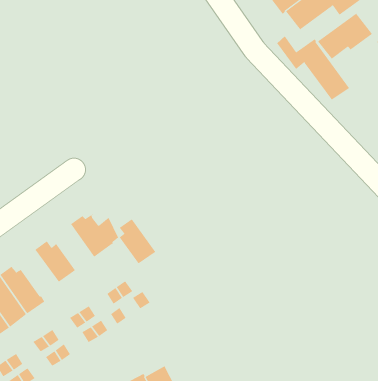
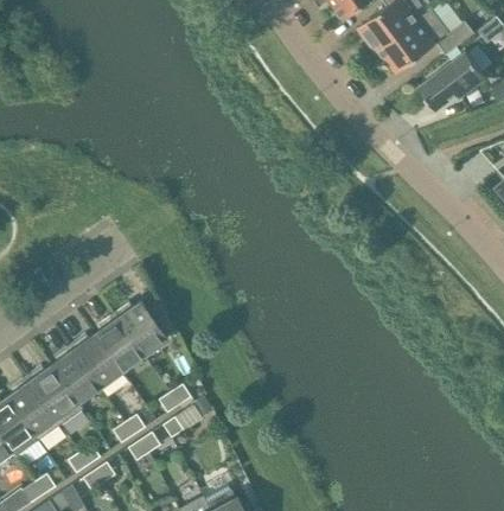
building: [277,36,349,100] -> none
building: [119,218,156,264] -> [96,313,142,370]
building: none -> [52,345,98,402]

